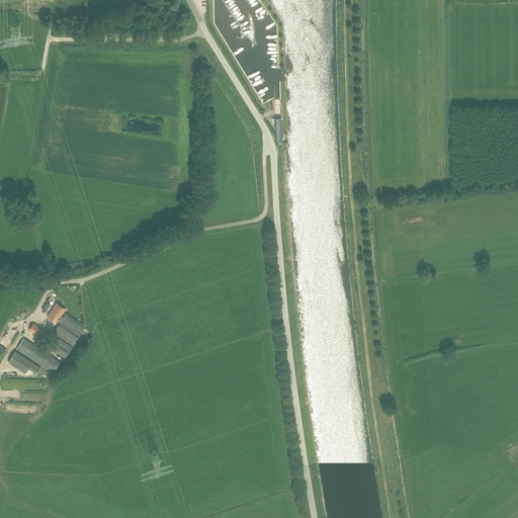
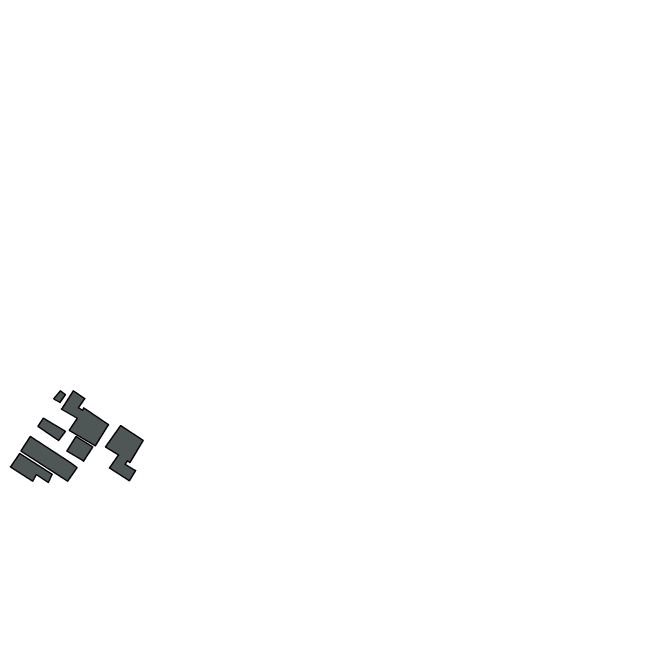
building: none -> [106,426,143,481]

